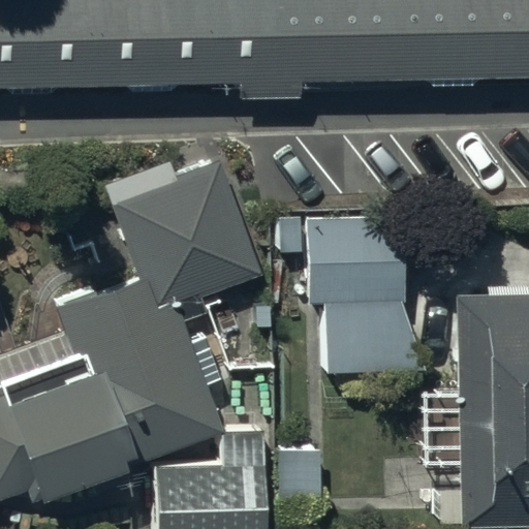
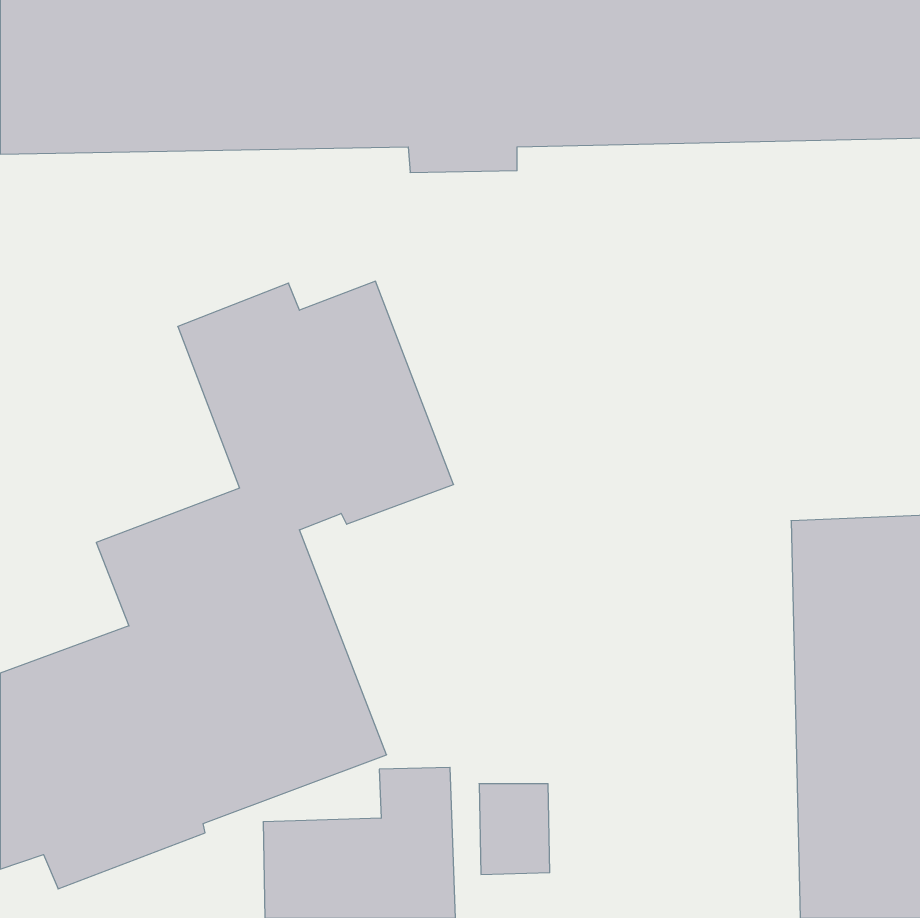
building: [306,216,422,373] -> none

